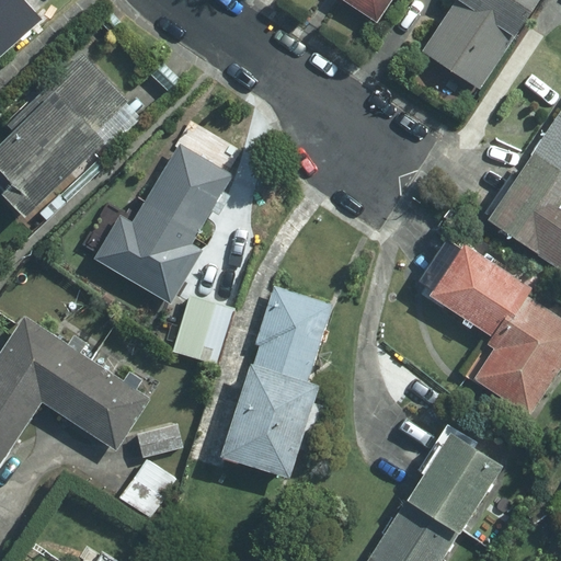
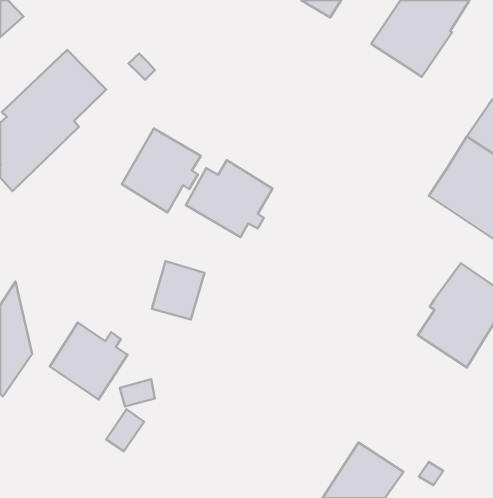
building: [96,207,194,294] -> [186,160,273,237]
building: [432,247,528,336] -> none
building: [220,288,332,477] -> none
building: [23,317,93,412] -> none
building: [409,436,499,530] -> none

